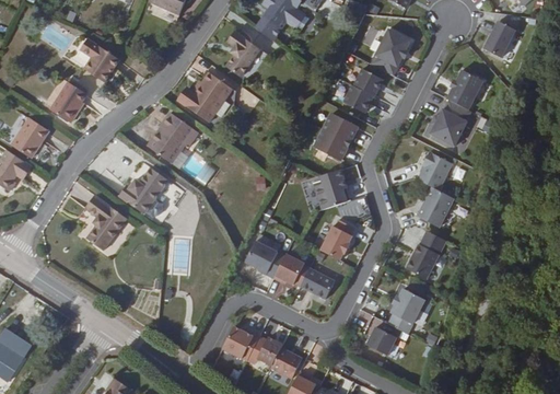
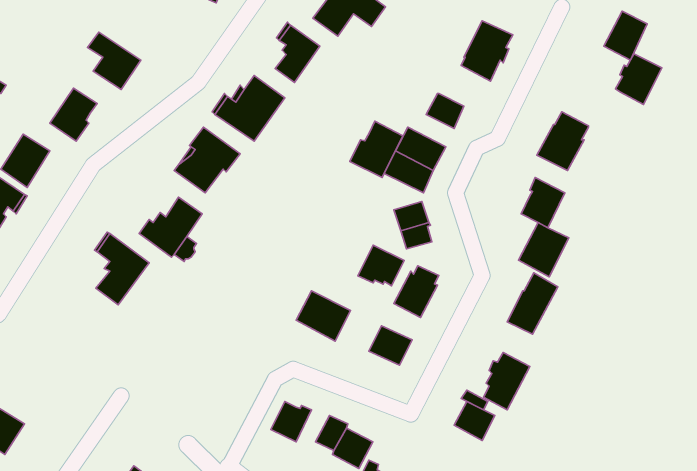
building: [354,69,384,96] -> none
building: [447,70,483,109] -> [616,54,662,104]
building: none -> [350,121,403,178]
building: [273,255,310,287] -> [358,245,404,286]

